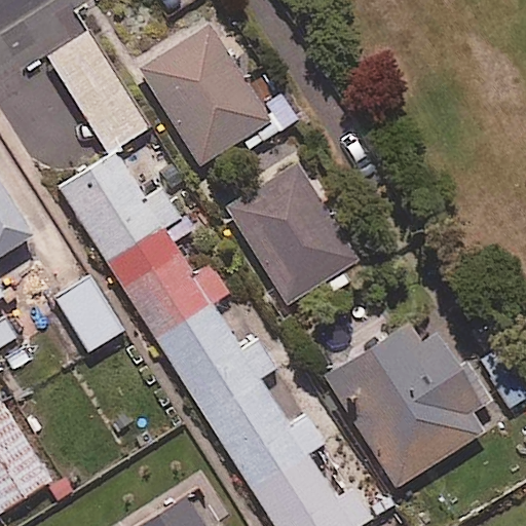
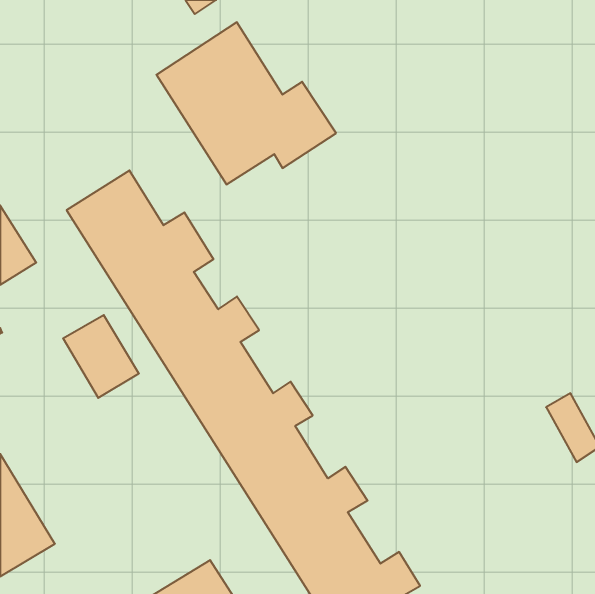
building: [48,30,148,152] -> none
building: [228,164,356,302] -> none
building: [313,309,496,488] -> none

